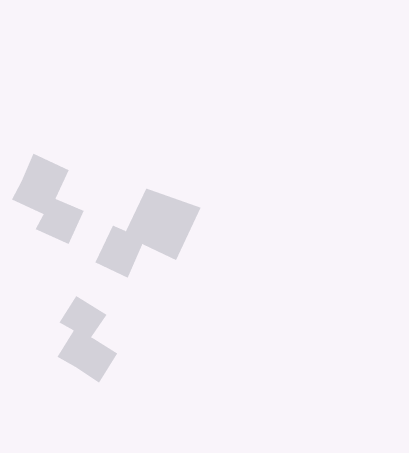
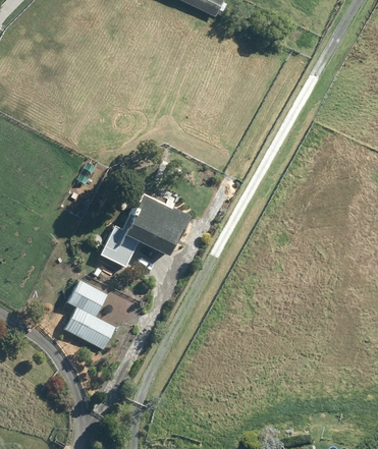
building: [11,153,85,245] -> none

